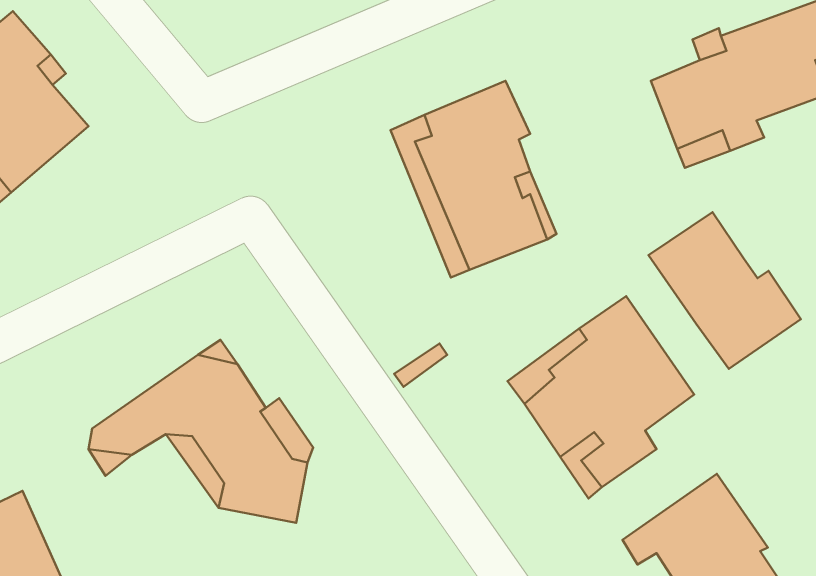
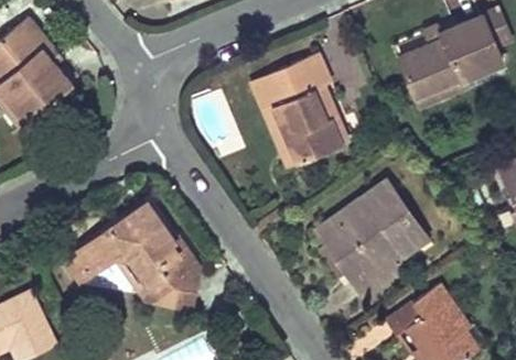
building: [648,212,801,369] -> none

